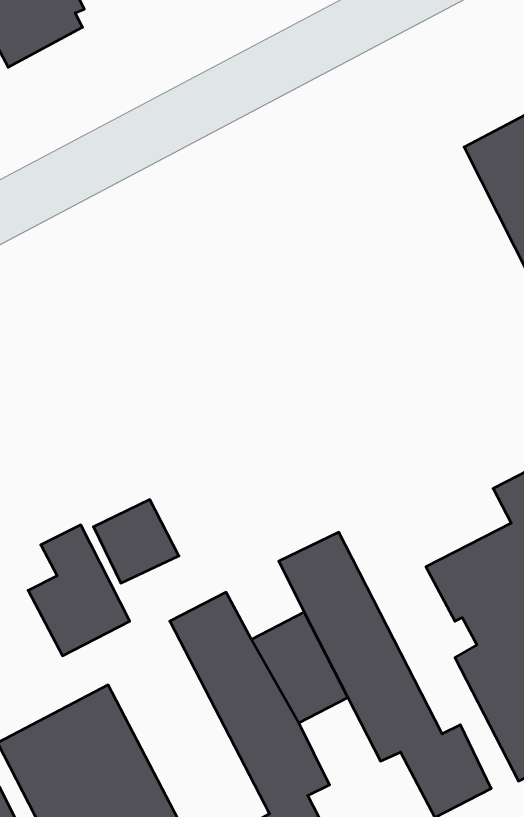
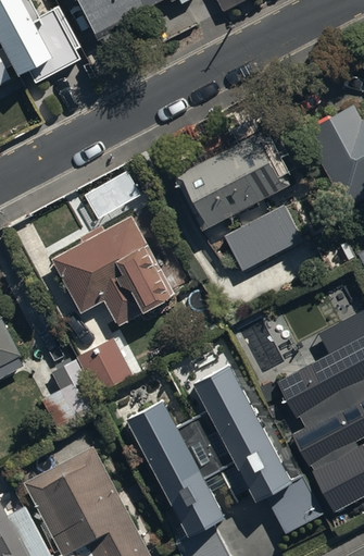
building: none -> [175,135,288,236]
building: none -> [227,206,302,270]
building: none -> [54,214,175,324]

